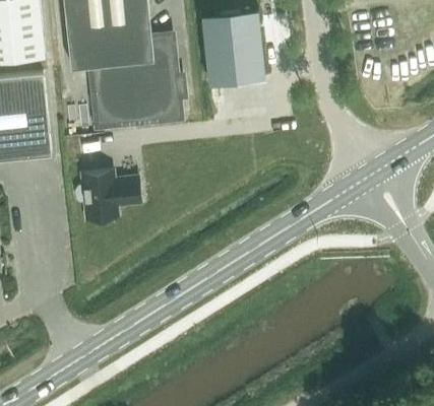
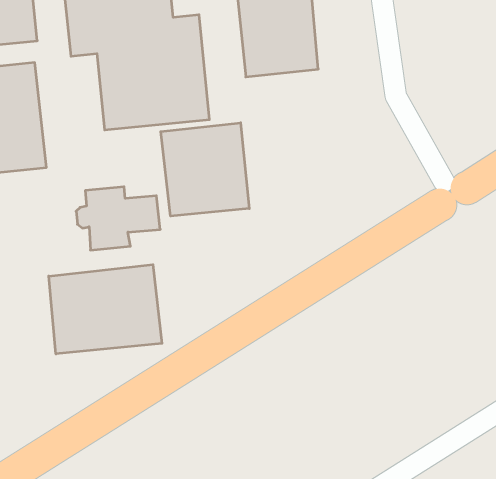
building: none -> [161,123,249,216]
building: none -> [49,265,162,354]

